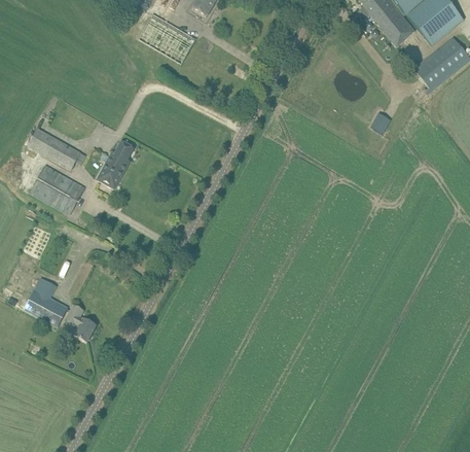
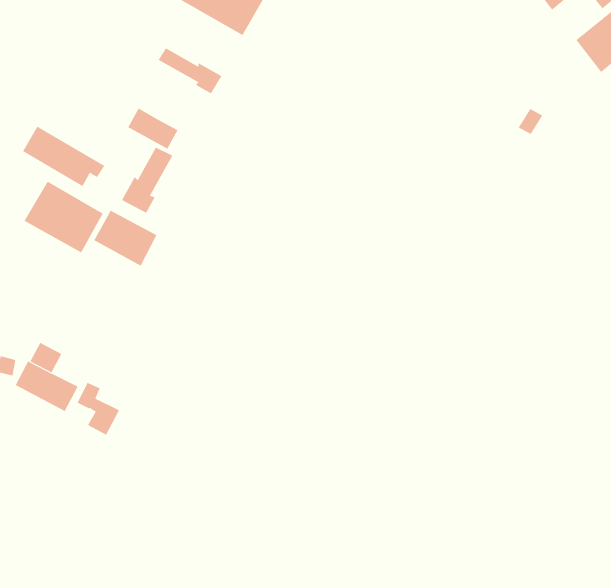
building: none -> [158,47,222,94]
building: none -> [127,108,178,149]
building: none -> [93,210,157,266]

